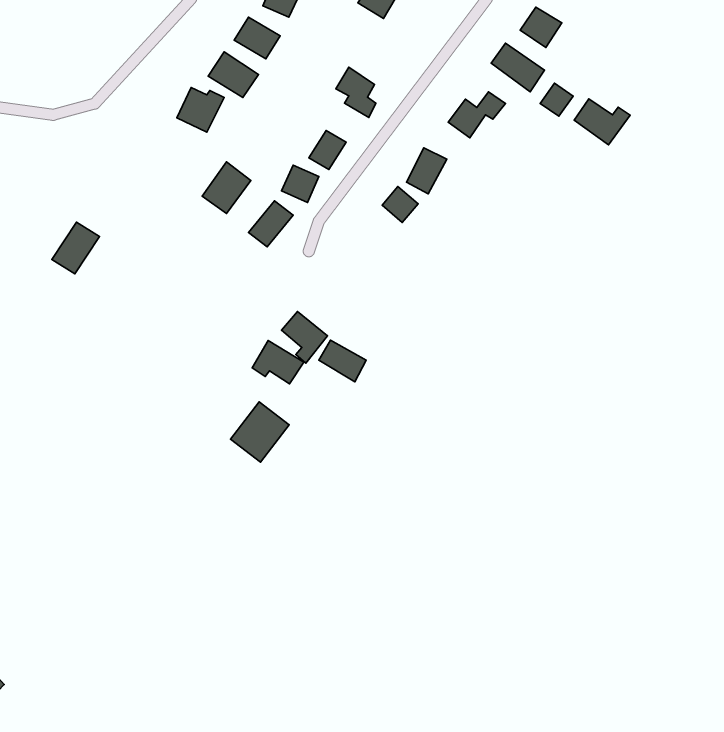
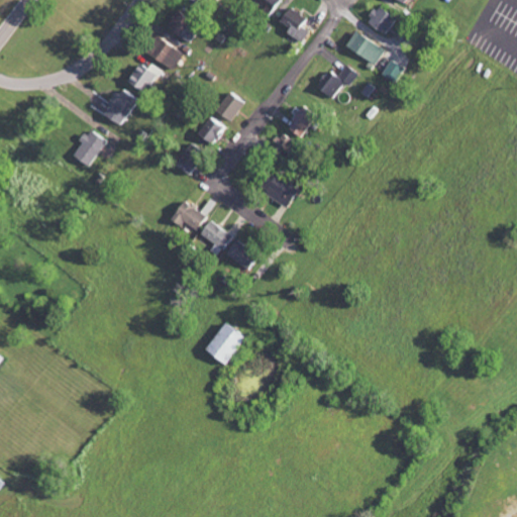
building: [336,67,376,117] -> [277,6,305,41]
building: [574,99,630,145] -> none
building: [202,162,251,213] -> [101,87,135,123]
building: [52,222,99,274] -> [72,129,105,166]
building: none -> [258,173,298,205]
building: [252,341,304,384] -> [169,200,205,230]
building: [230,402,289,462] -> [208,322,249,365]

